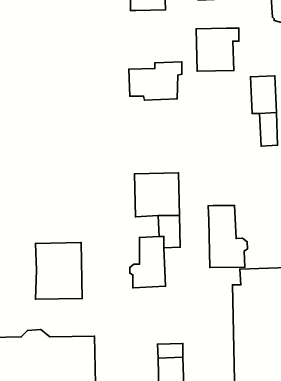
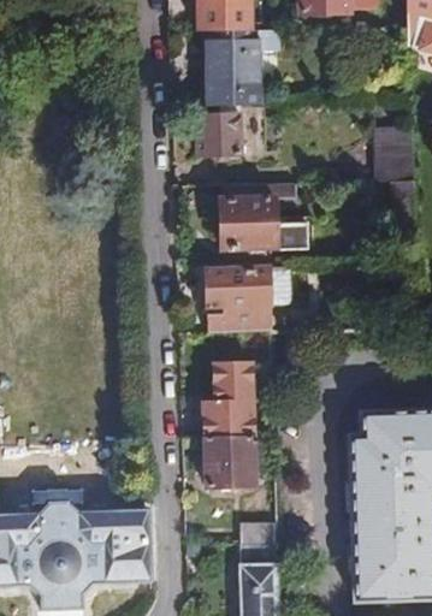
building: [196,28,239,71] -> [207,29,270,93]
building: none -> [219,184,308,256]
building: [208,205,247,268] -> none
building: [36,243,82,299] -> none
building: none -> [203,437,253,490]

